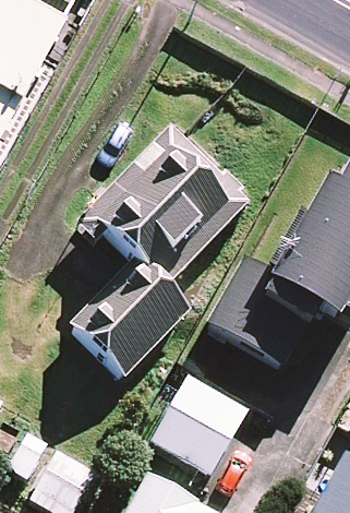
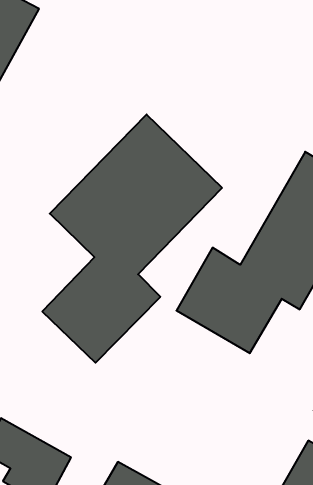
building: [153,375,245,473] -> none

